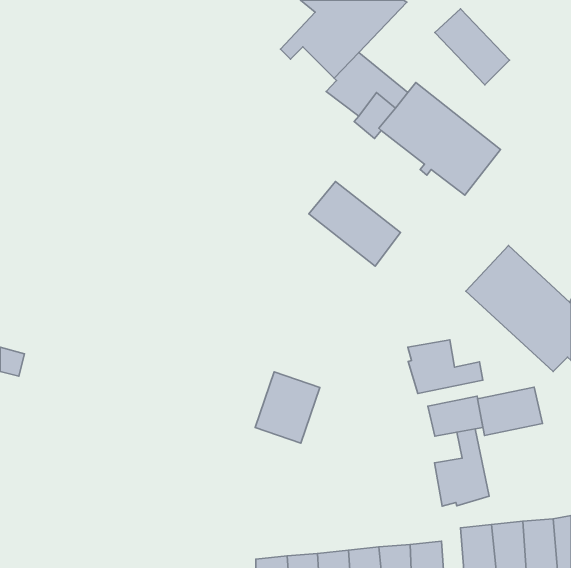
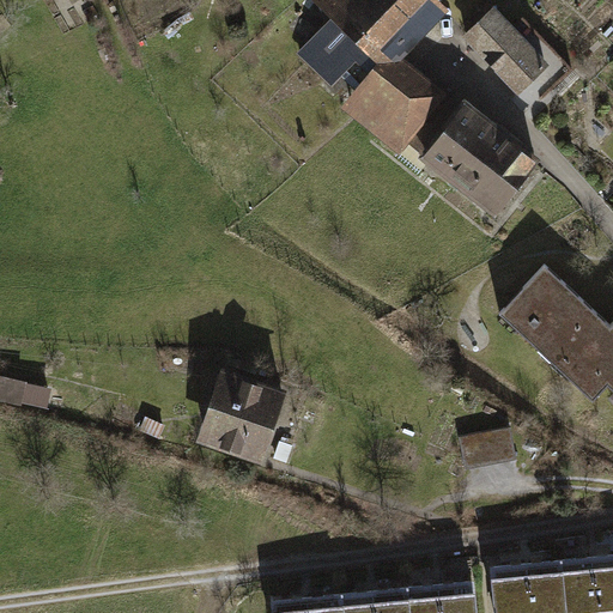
building: [309,181,401,266] -> none
building: [408,340,483,394] -> none
building: [255,372,320,443] -> [207,378,277,455]
building: [478,387,542,435] -> none
building: [435,429,489,506] -> none

